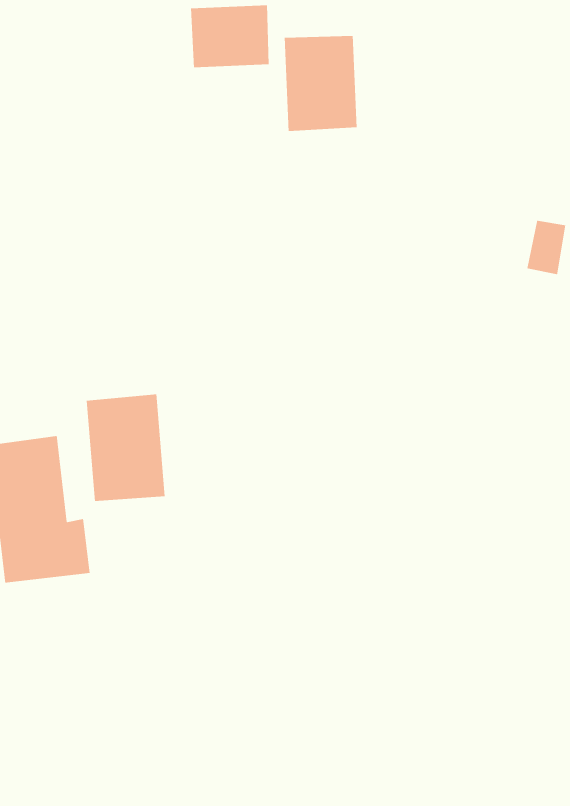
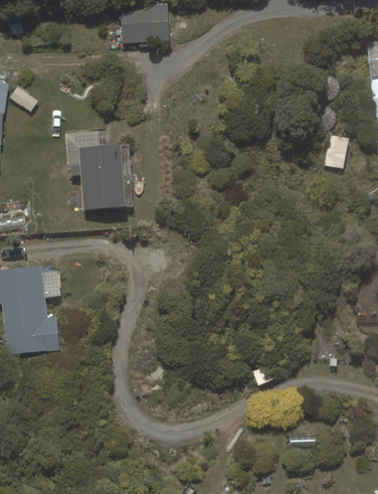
building: [284,35,357,132] -> none
building: [86,394,166,501] -> [78,144,127,209]

